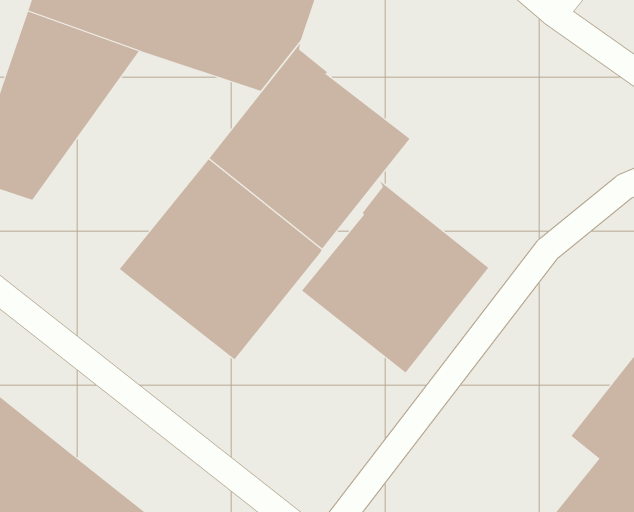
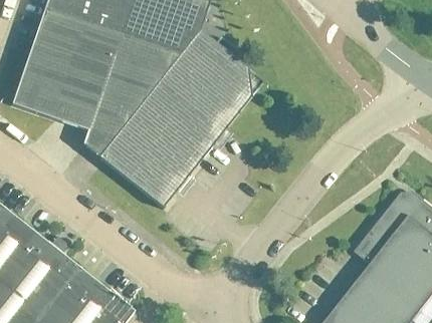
building: none -> [47,31,178,155]
building: [301,179,489,374] -> none

